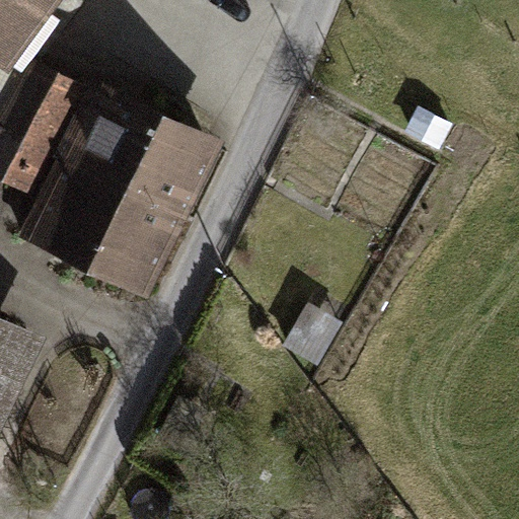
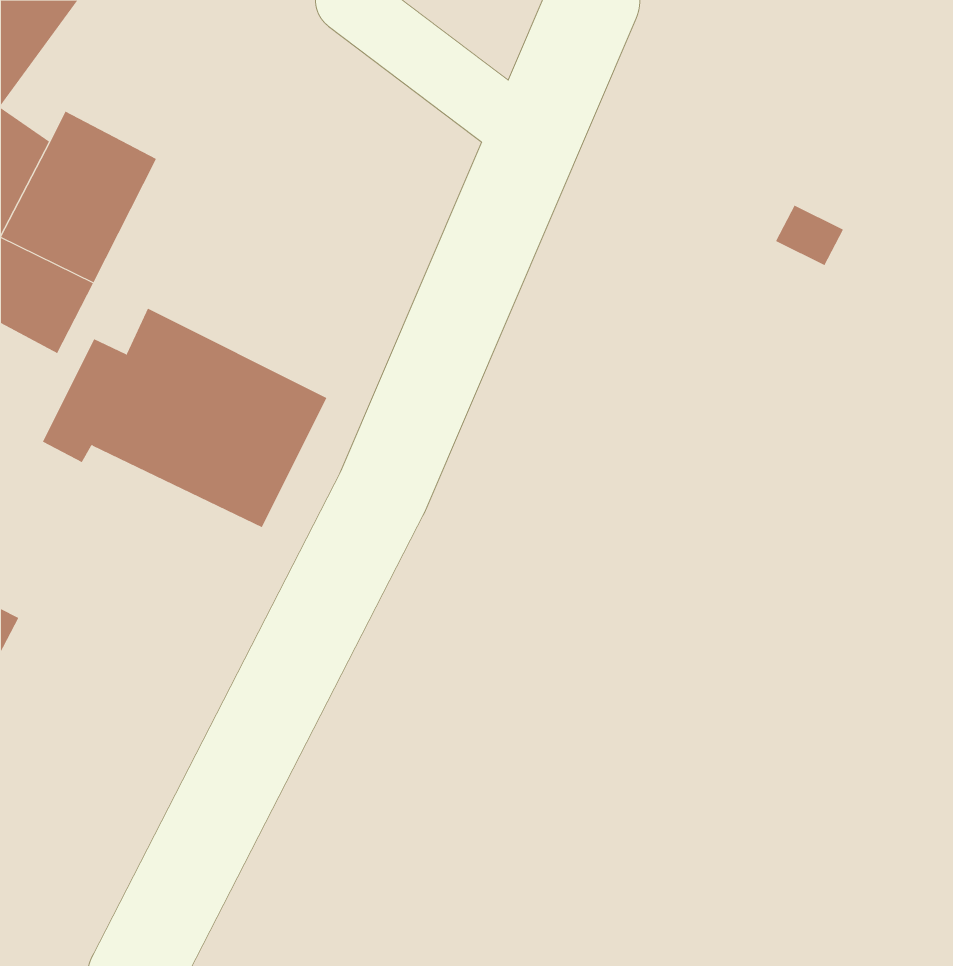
building: [91,100,220,217] -> none

